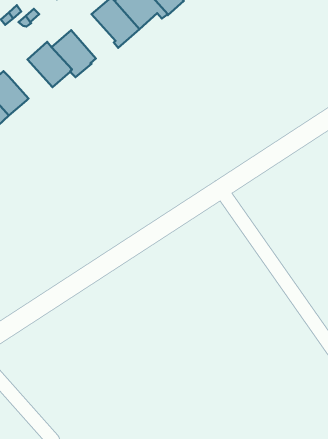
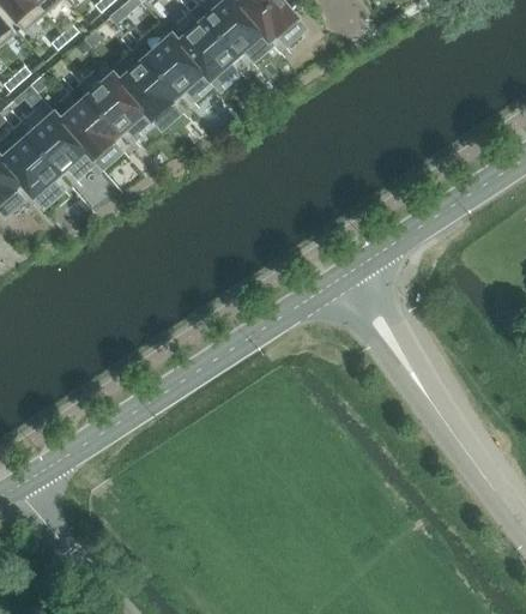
building: none -> [145,34,205,95]
building: none -> [61,96,120,159]

